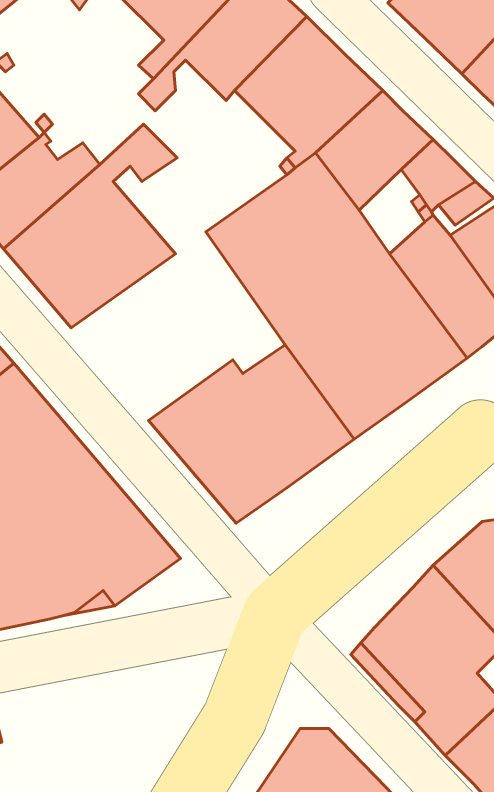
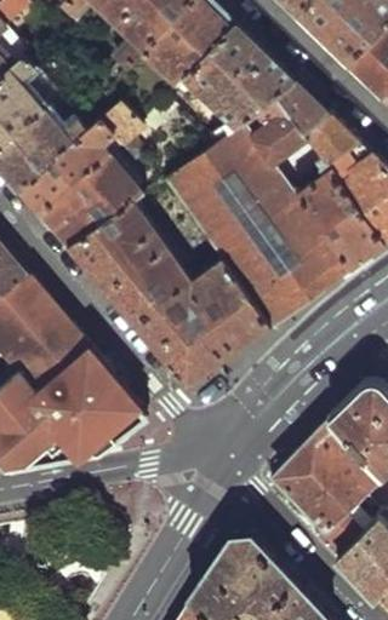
building: none -> [68,201,184,315]

